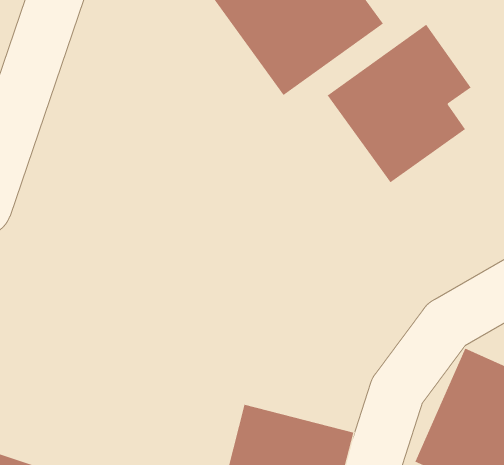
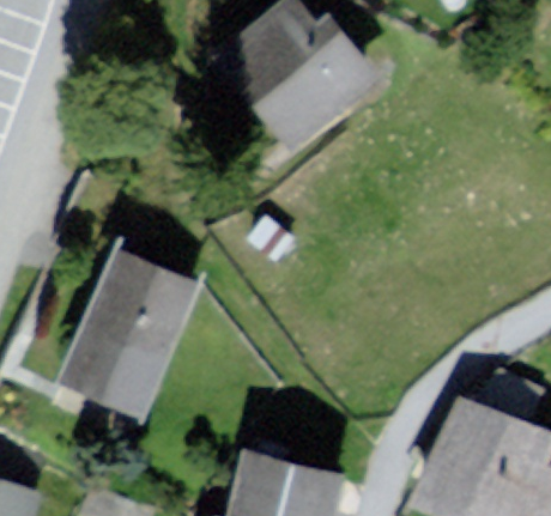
building: [327,24,472,183] -> none
building: none -> [54,254,198,424]

